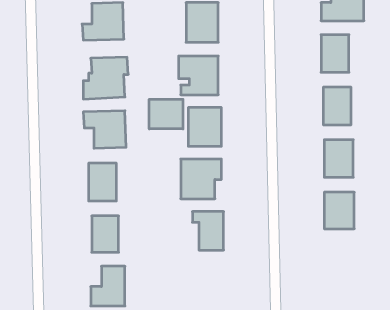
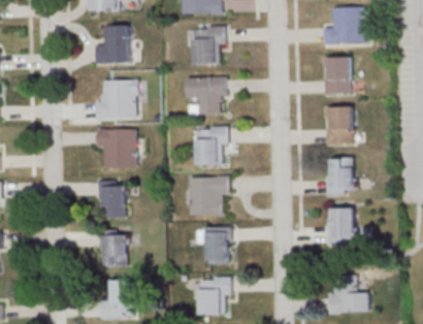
building: [149,99,183,129] -> none
building: none -> [197,278,230,315]
building: none -> [329,284,370,314]

